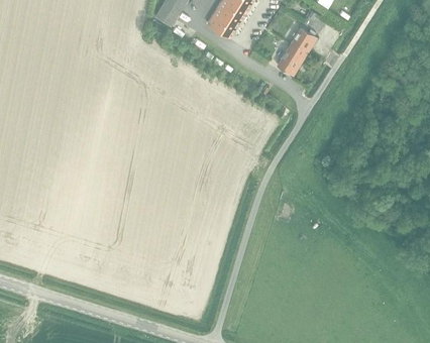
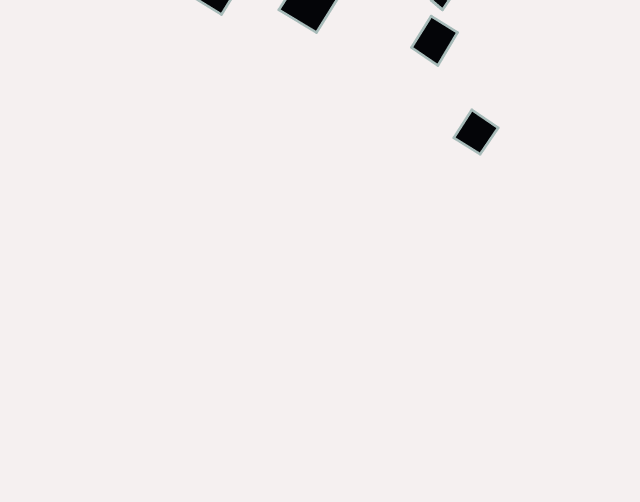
building: [277,47,304,75] -> [454,110,498,154]

